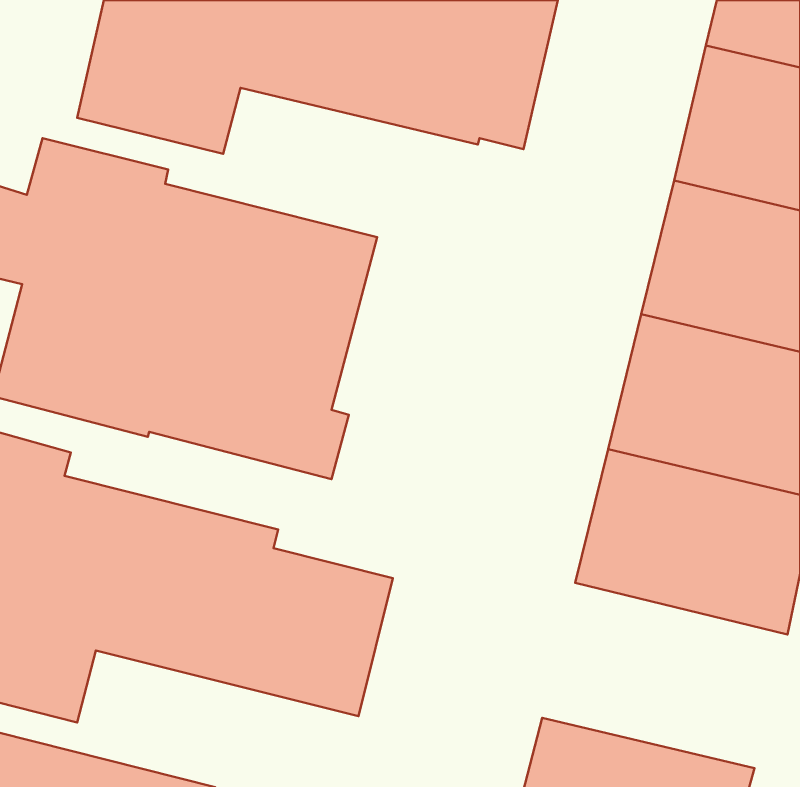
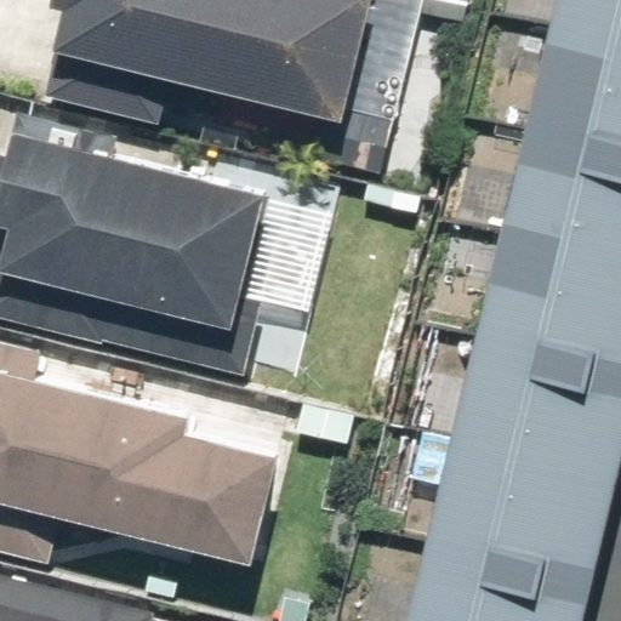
building: none -> [418,462,608,605]

